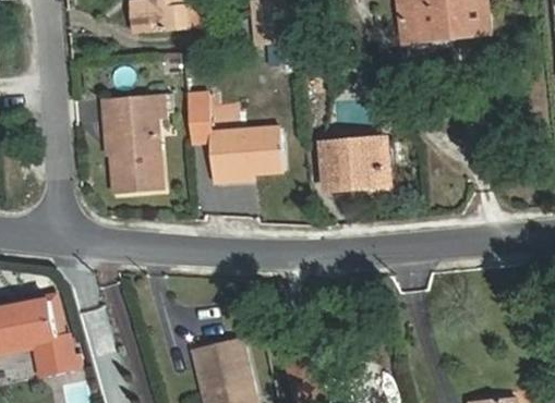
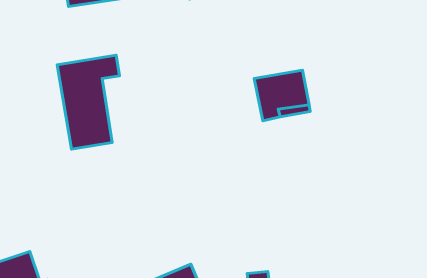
building: [186,93,282,176] -> none

